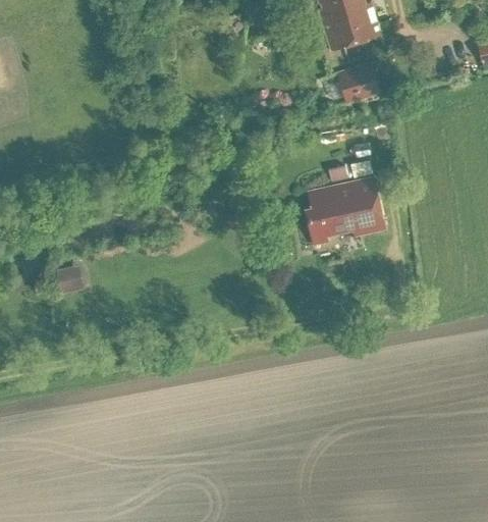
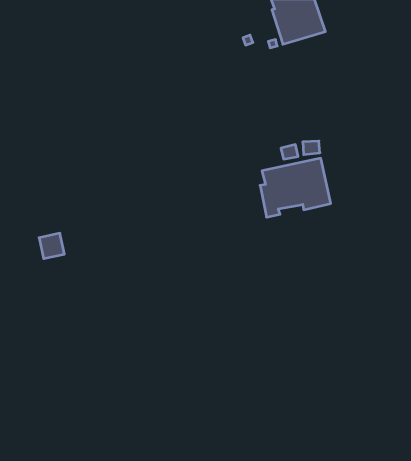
building: [337,61,382,103] -> none

